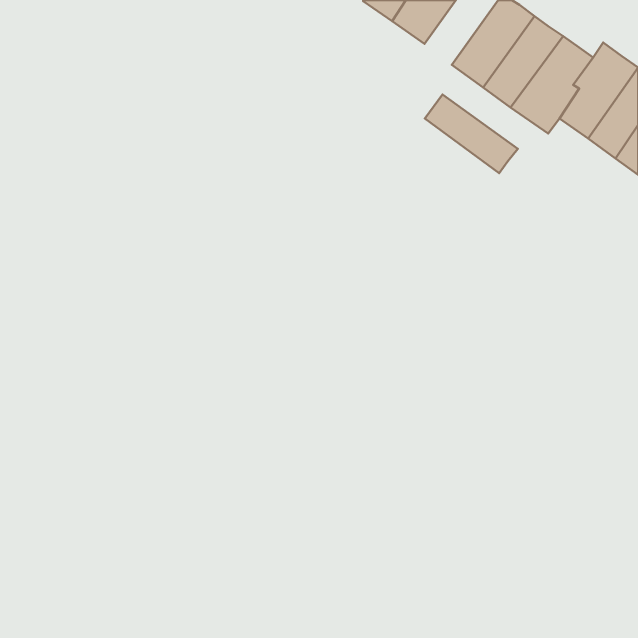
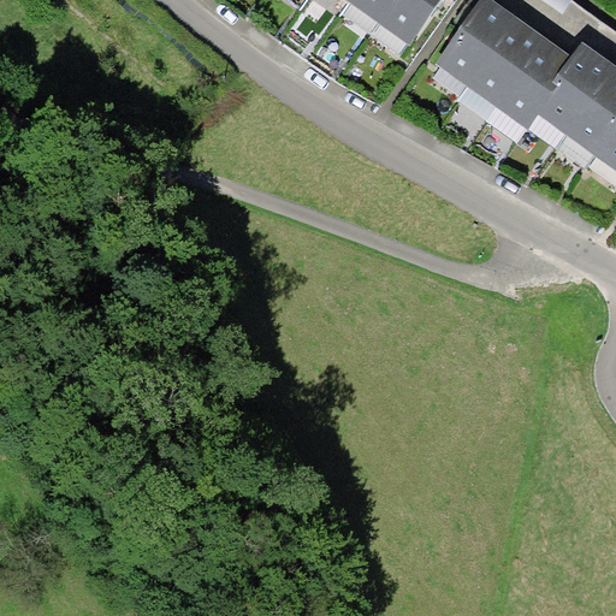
building: [425,95,518,173] -> none

